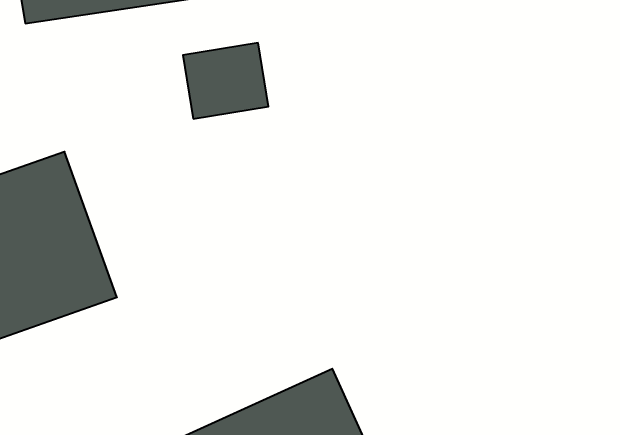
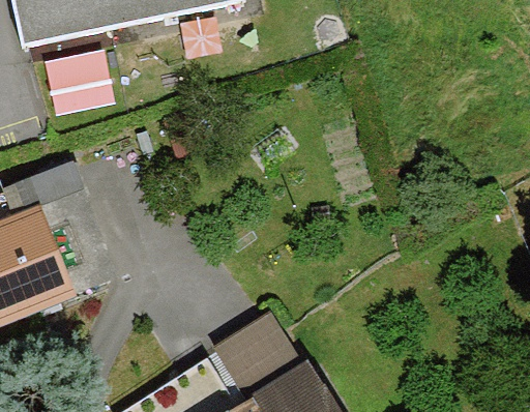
building: [183,43,268,119] -> [49,50,121,115]

